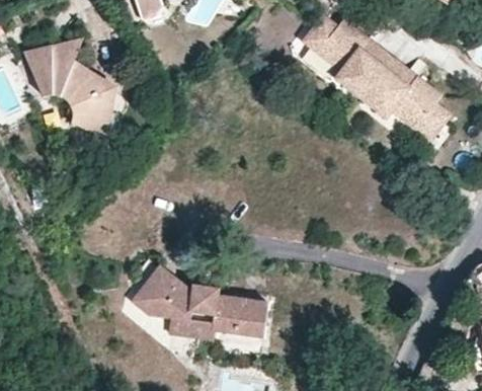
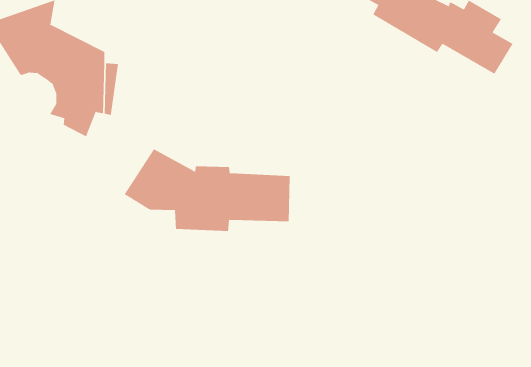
building: [131,265,268,340] -> [124,148,290,231]

